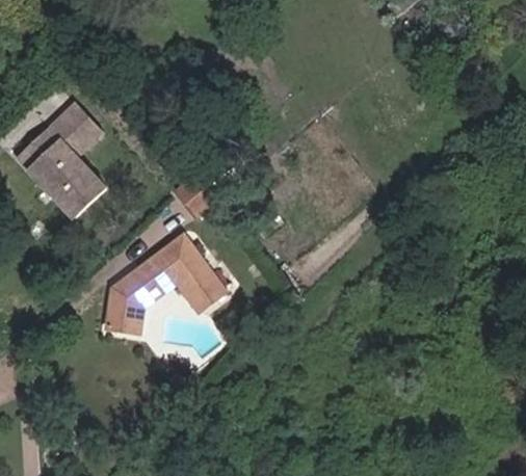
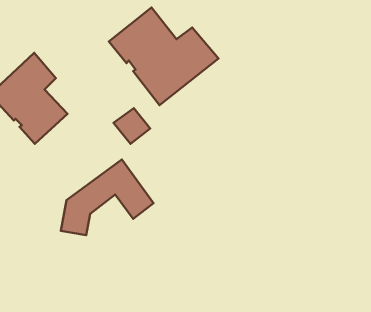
building: none -> [109,8,218,105]

